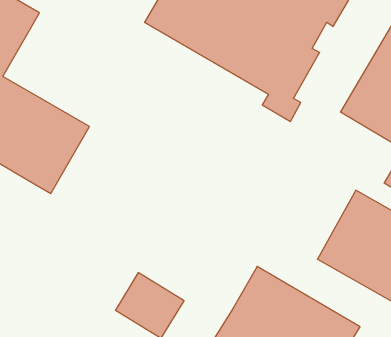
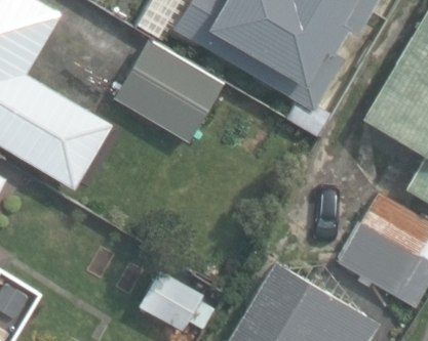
building: none -> [117,43,226,144]

